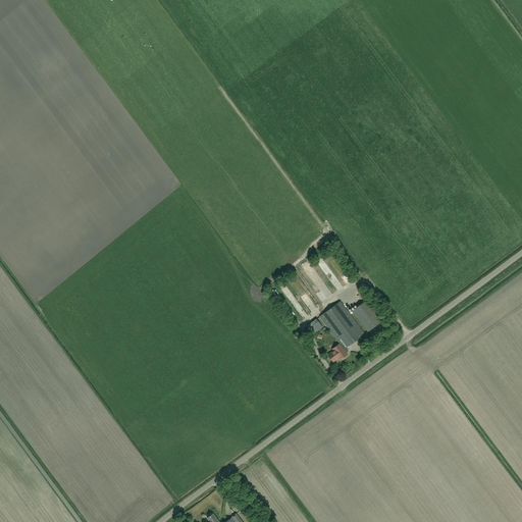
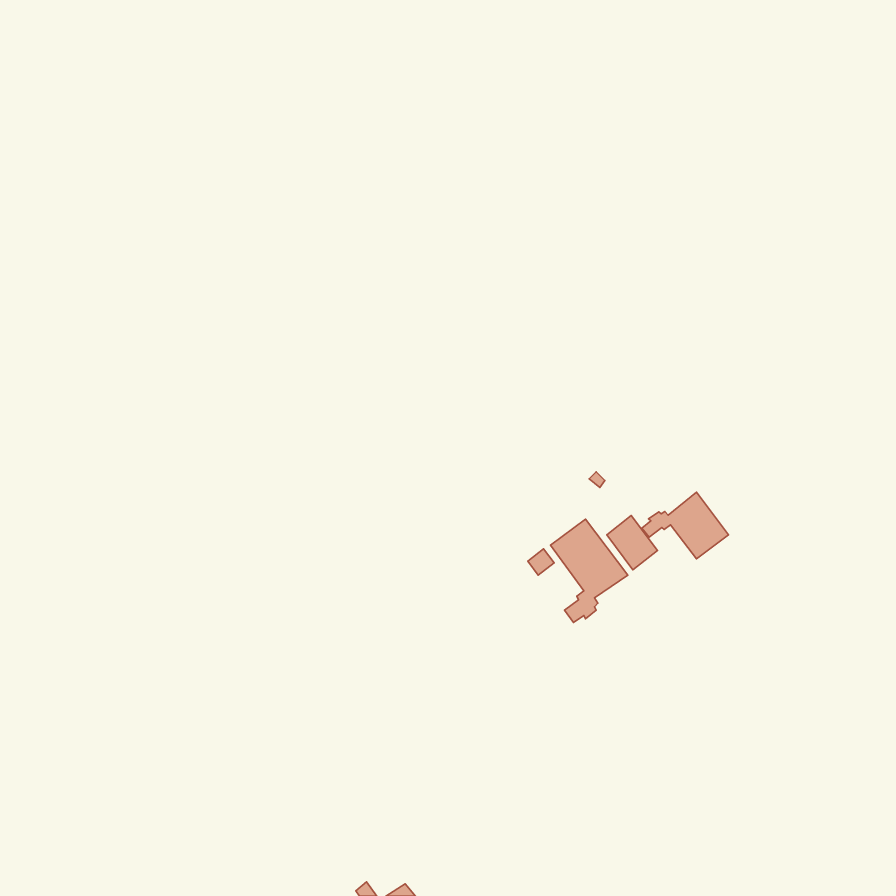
building: none -> [642,492,728,559]

